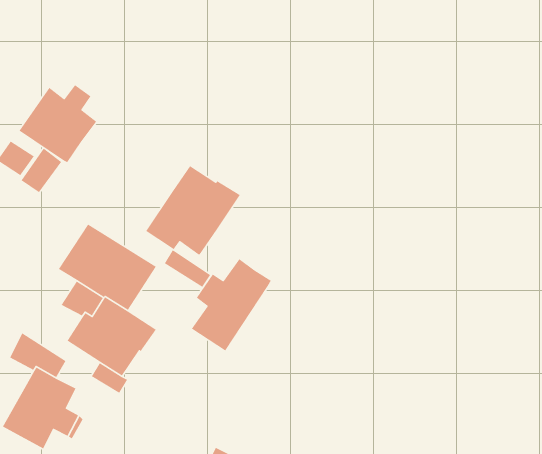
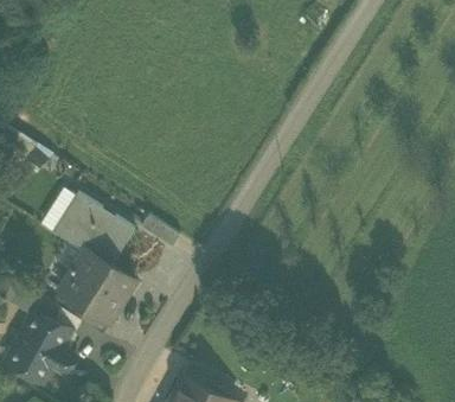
building: [19,84,97,163] -> none
building: [145,165,241,255] -> none
building: [191,258,272,352] -> none

